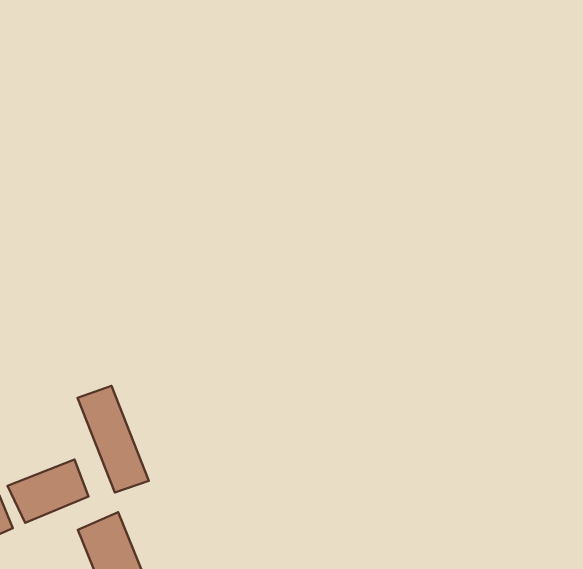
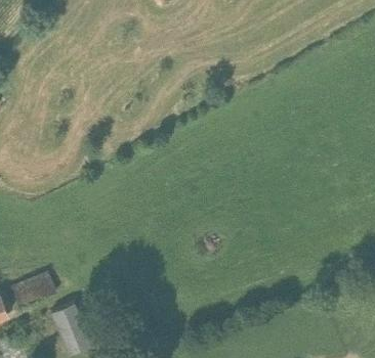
building: [77,386,149,493] -> none

